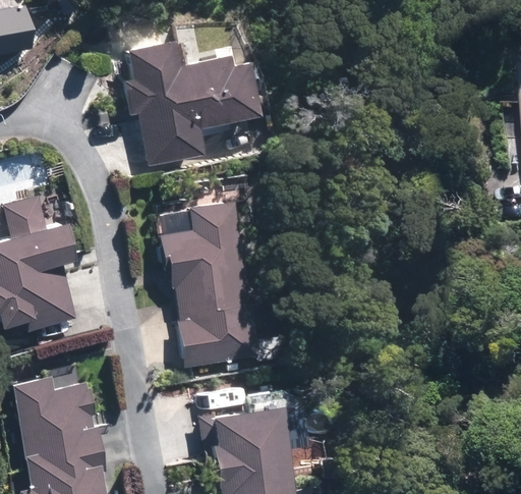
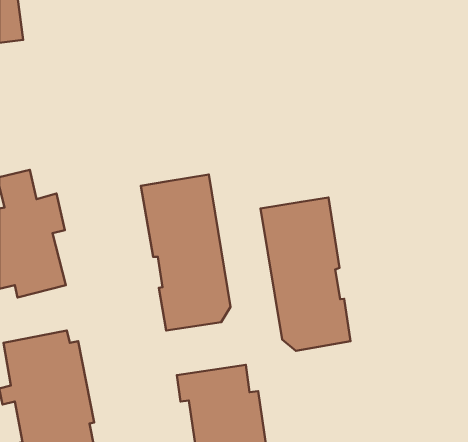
building: [119,41,253,168] -> none
building: none -> [261,197,351,351]

